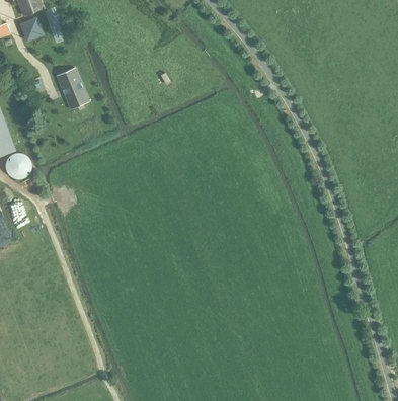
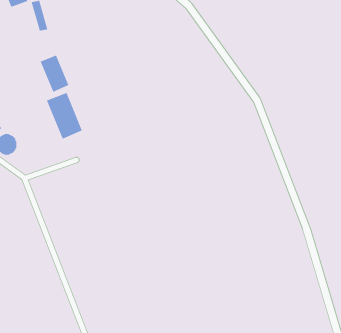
building: [19,15,45,41] -> none
building: none -> [46,92,82,140]

